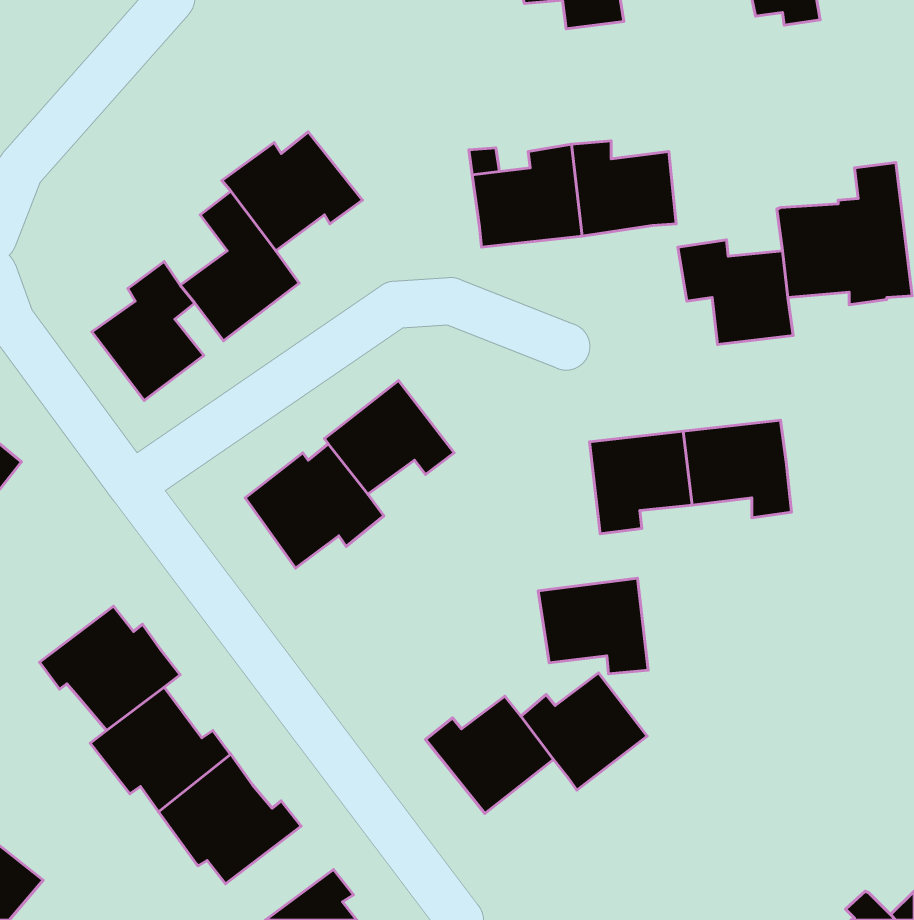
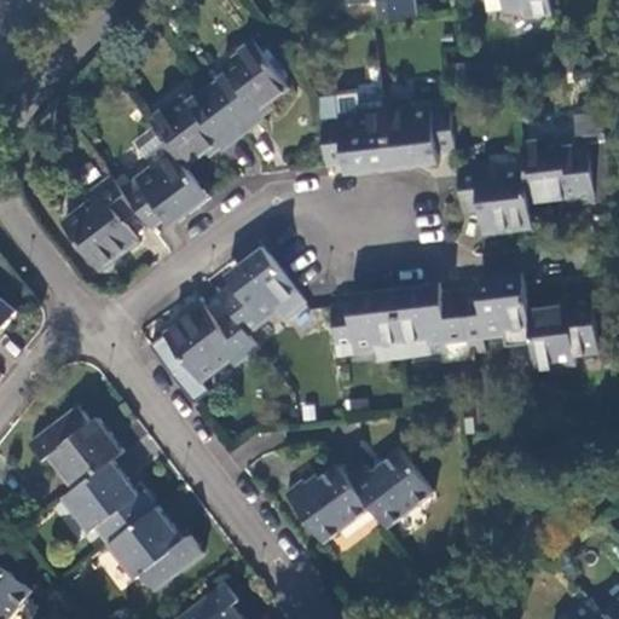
building: none -> [207,41,290,134]
building: none -> [527,293,597,366]
building: [538,578,648,674] -> [329,296,403,360]

